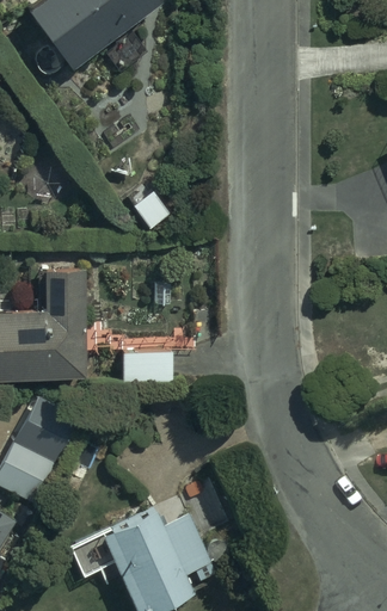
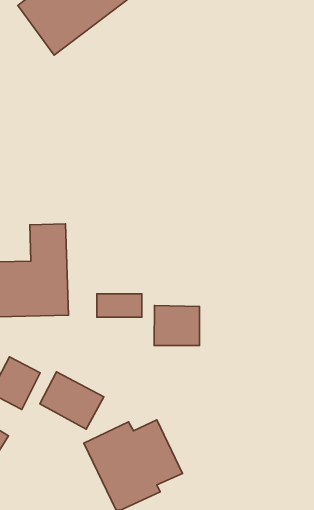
building: none -> [154,306,200,345]
building: none -> [40,372,104,429]

